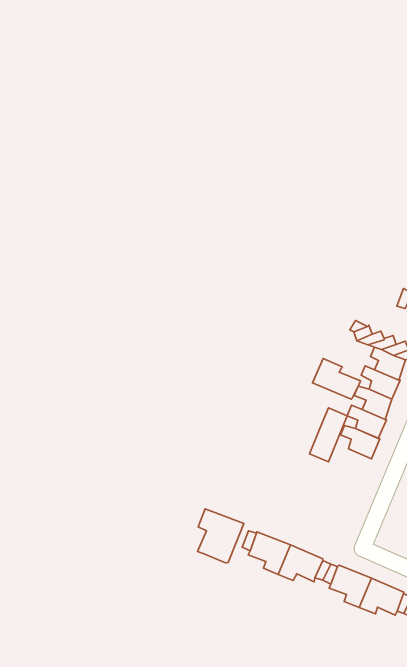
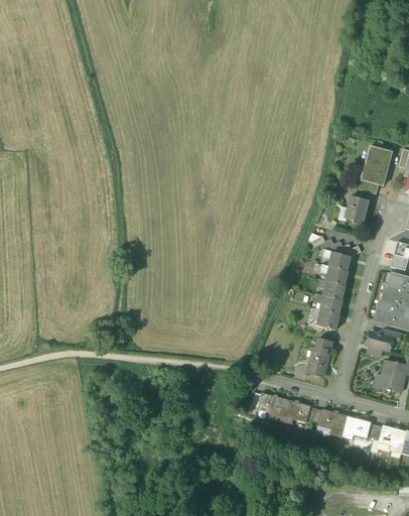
building: [313,358,360,399] -> none
building: [310,408,347,462] -> [309,338,332,376]
building: [198,509,244,563] -> none

